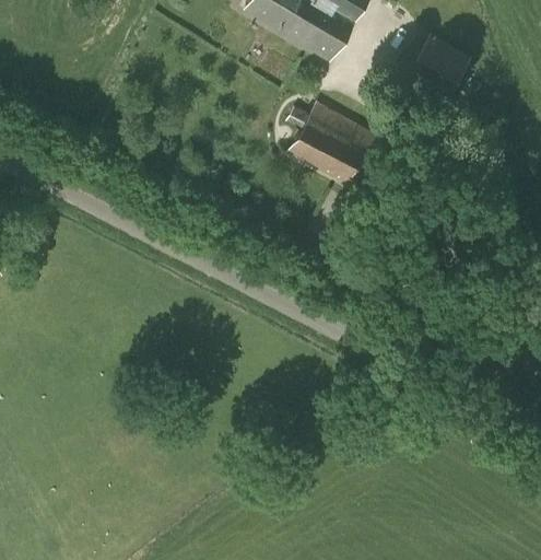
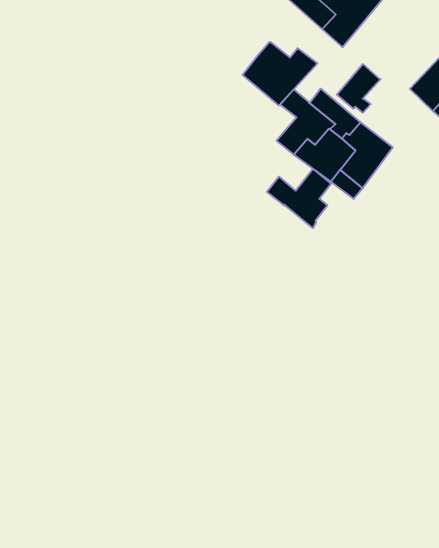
building: none -> [242,42,317,106]
building: none -> [337,64,381,113]
building: none -> [267,169,331,228]

